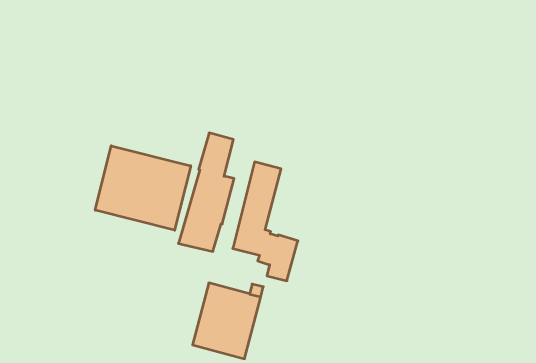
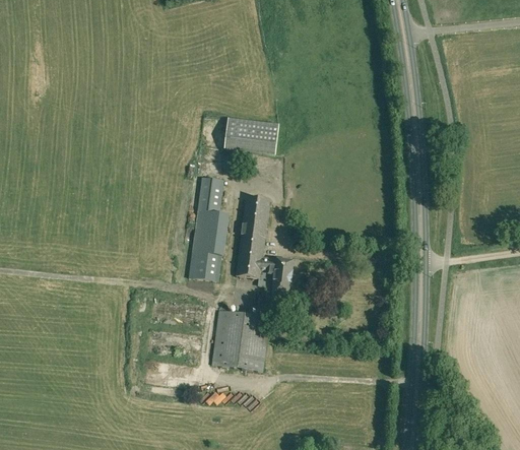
building: none -> [224,117,279,154]
building: [95,146,191,230] -> none

